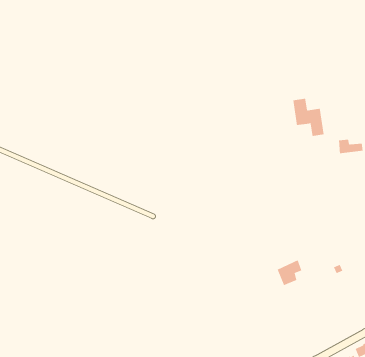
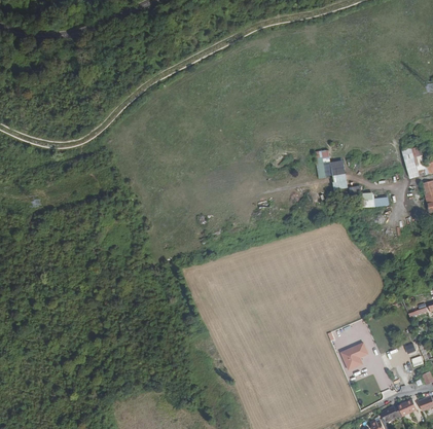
building: [277,260,302,286] -> [340,343,367,370]

